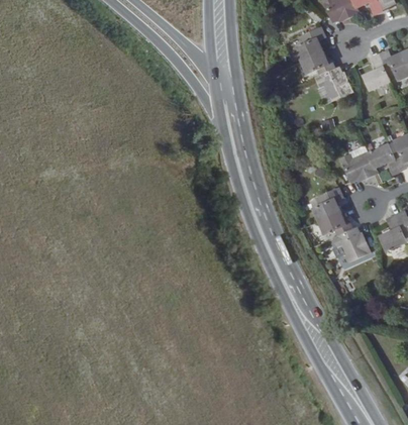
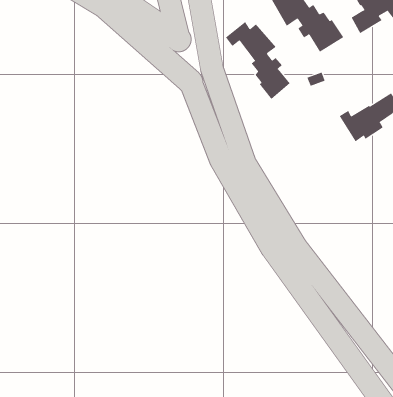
building: none -> [225,21,291,100]
building: [313,188,371,262] -> none

